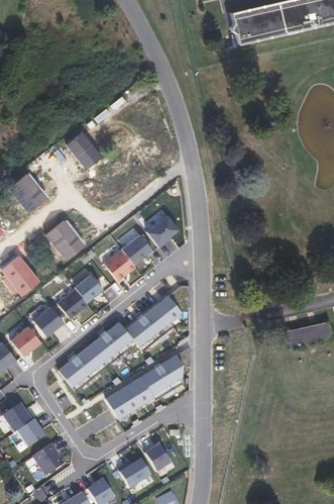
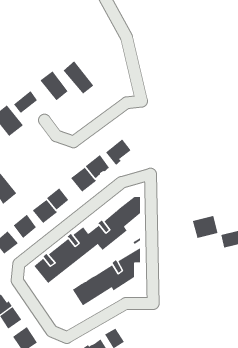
building: none -> [63,61,94,95]
building: none -> [13,90,38,114]
building: [45,219,85,260] -> none
building: none -> [192,215,218,239]

